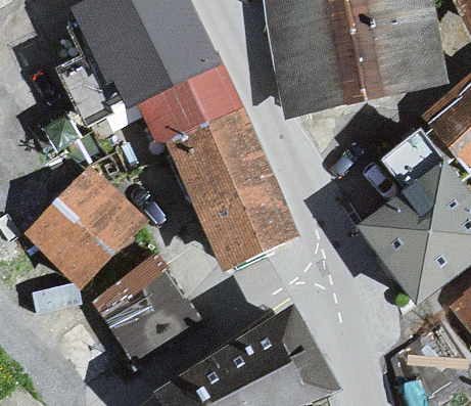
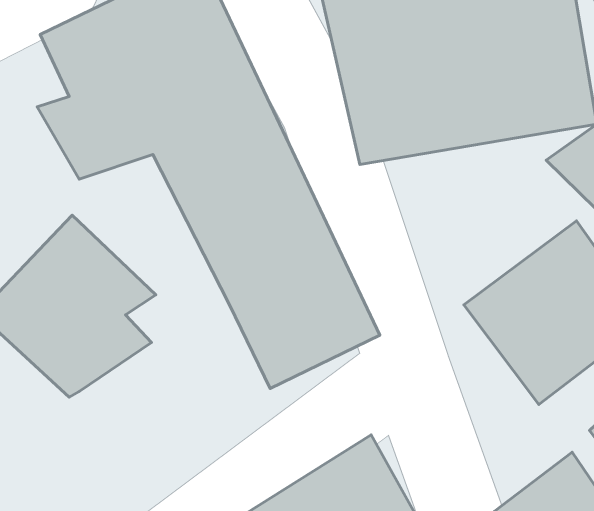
building: [93,243,199,361] -> none

